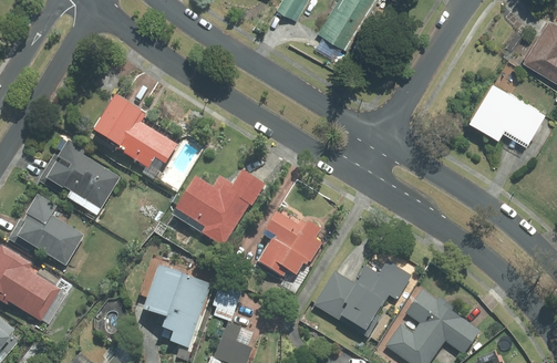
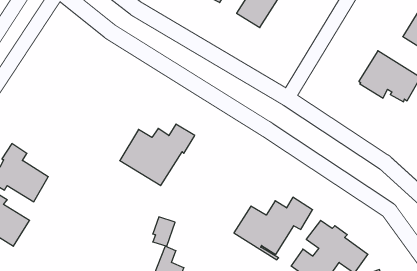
building: [94,95,177,168] -> none
building: [37,135,120,215] -> none
building: [259,211,328,277] -> none
building: [143,266,210,346] -> none

